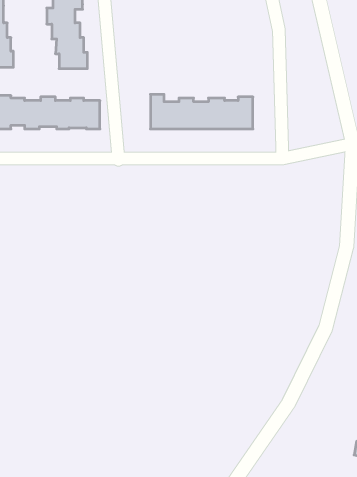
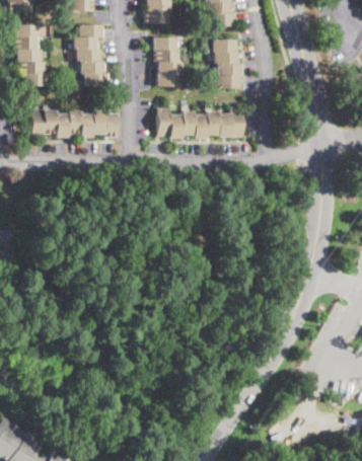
building: none -> [153,37,183,86]
building: none -> [213,39,241,88]

